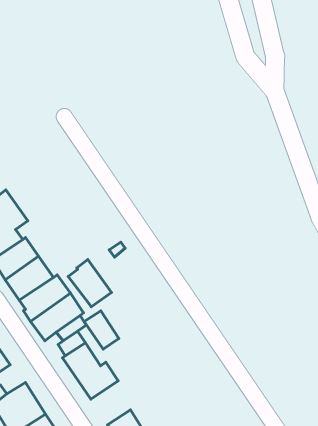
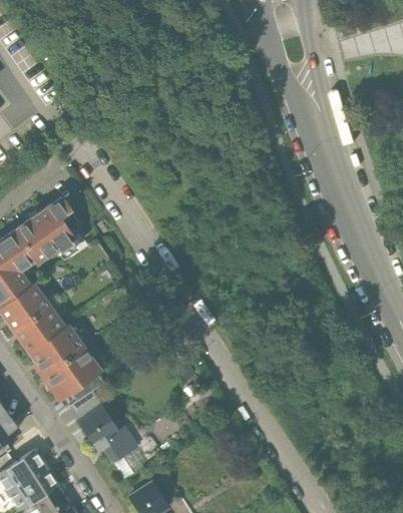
building: none -> [13,196,78,267]
building: [68,259,111,307] -> none
building: [84,311,119,349] -> none

